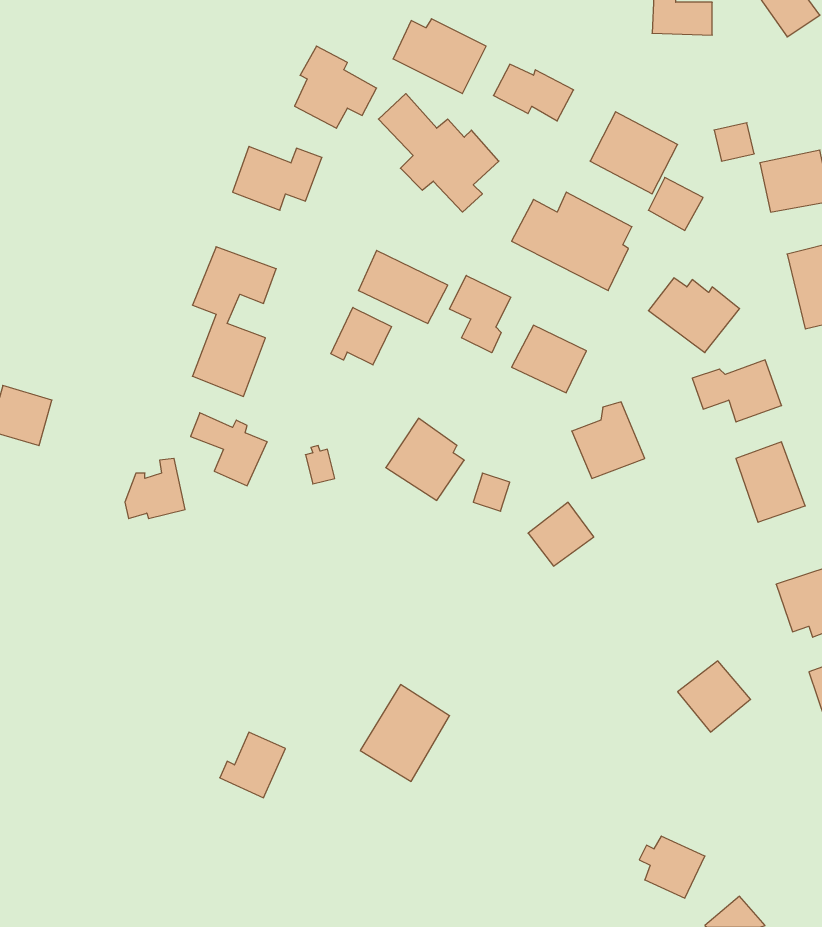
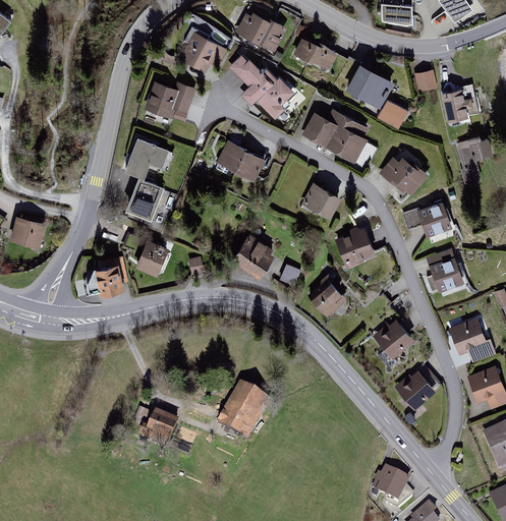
building: [449,275,511,353] -> none
building: [331,307,392,365] -> none
building: none -> [375,320,413,358]

